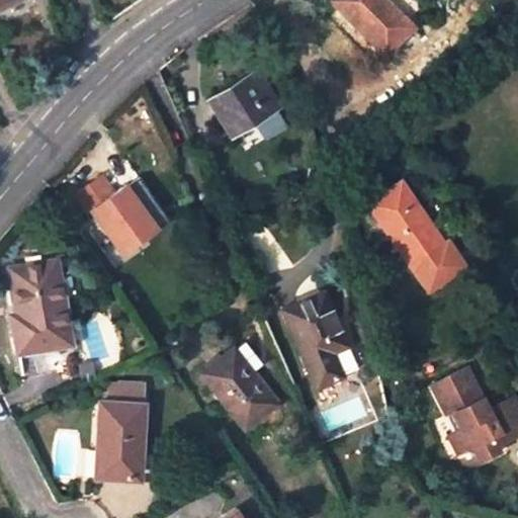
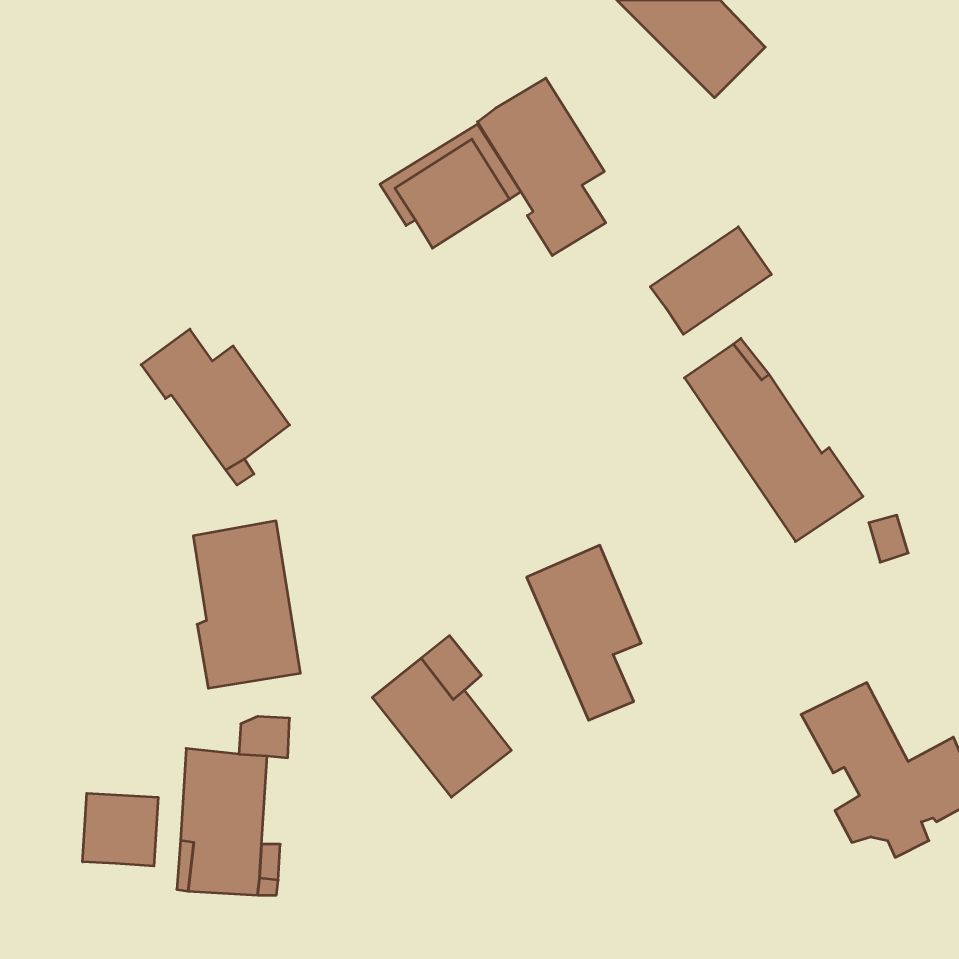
building: none -> [477,78,606,256]
building: none -> [650,227,771,334]
building: [12,263,70,353] -> [193,521,300,688]
building: none -> [83,793,158,866]

